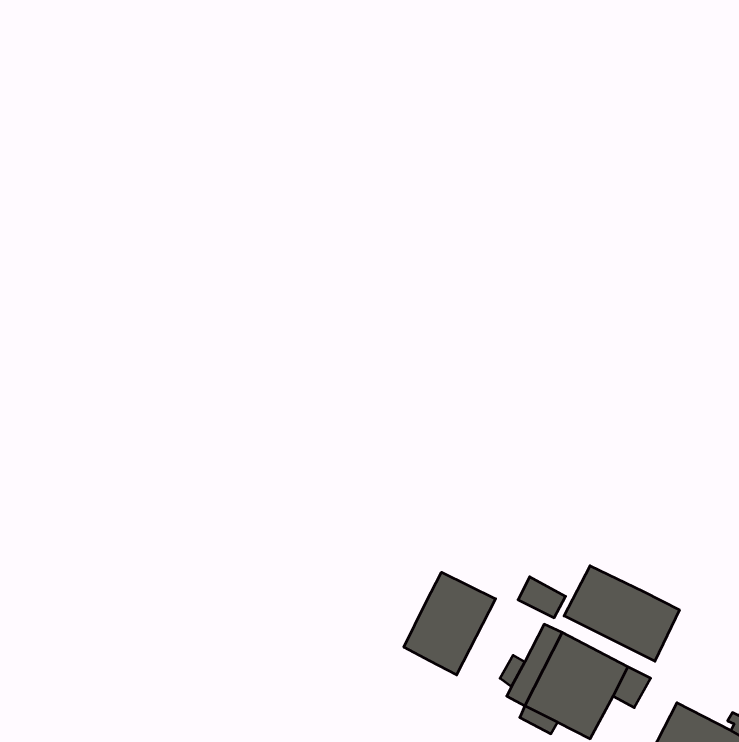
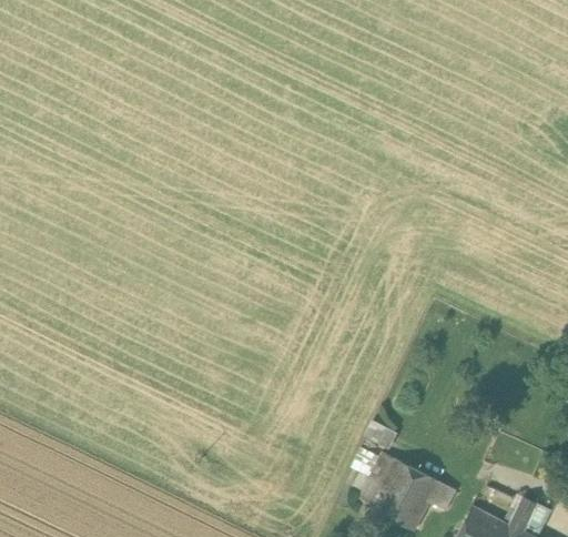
building: [564,566,679,661] -> none
building: [404,572,496,675] -> none

